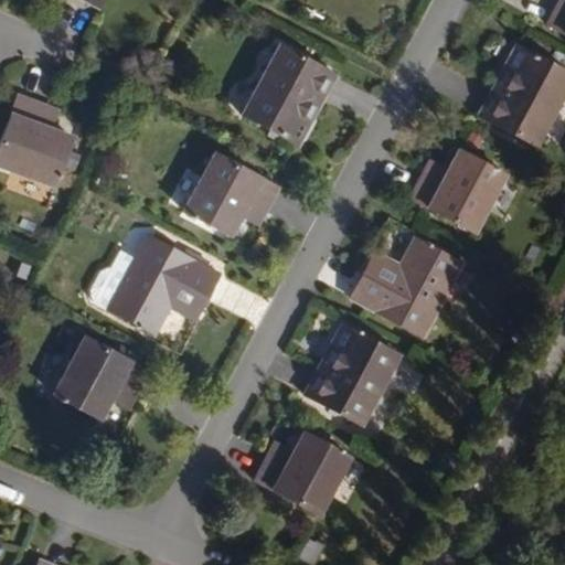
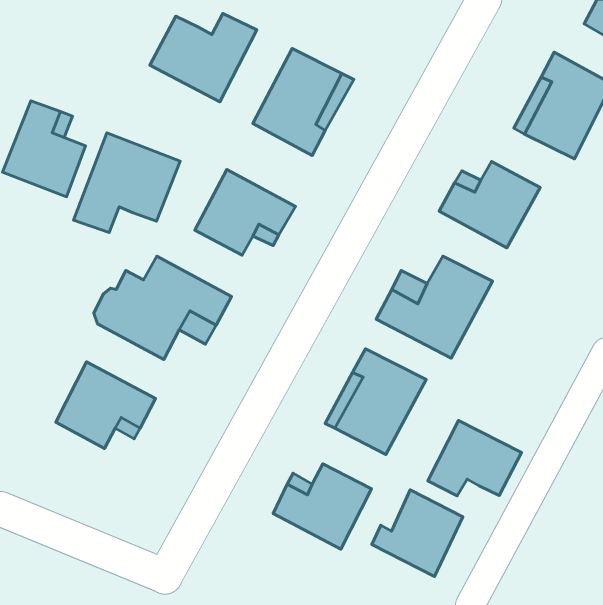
building: none -> [150,13,257,102]
building: none -> [73,133,180,232]
building: none -> [428,421,522,496]
building: none -> [372,490,463,577]

